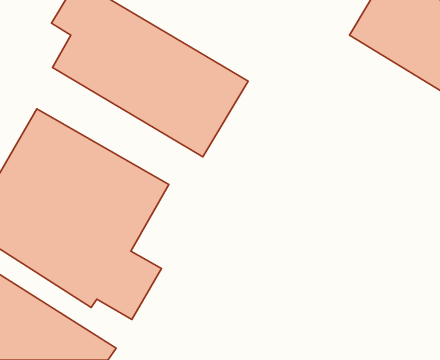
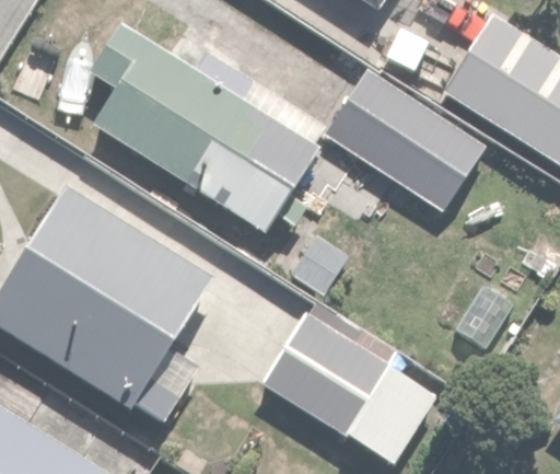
building: none -> [323,63,491,211]
building: none -> [253,291,440,463]

